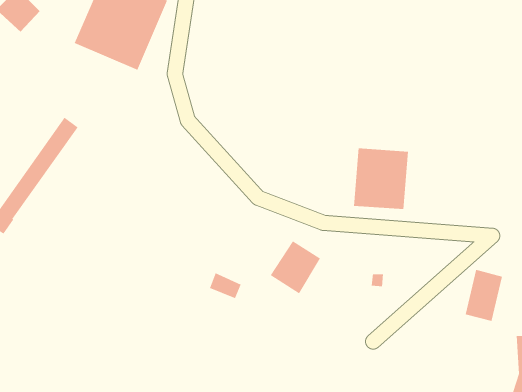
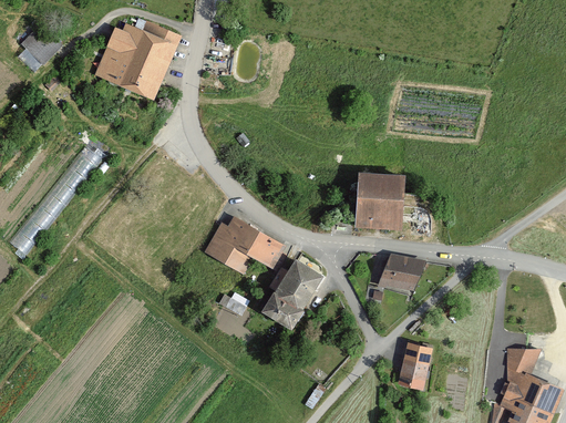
building: none -> [204,215,286,274]
building: none -> [377,254,421,289]
building: [465,269,503,322] -> [398,342,433,391]
building: none -> [261,289,305,330]

